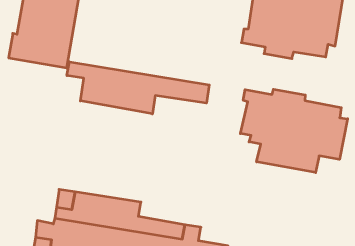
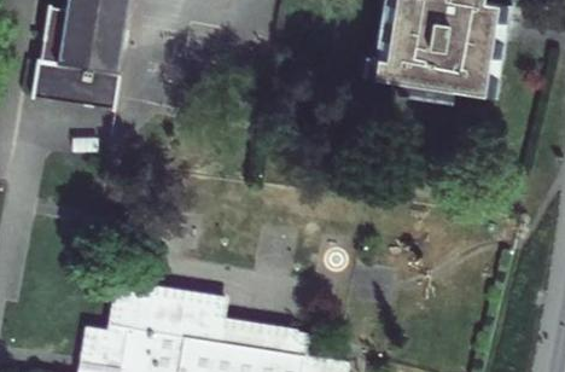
building: [67,62,209,114] -> none
building: [240,89,348,173] -> none

